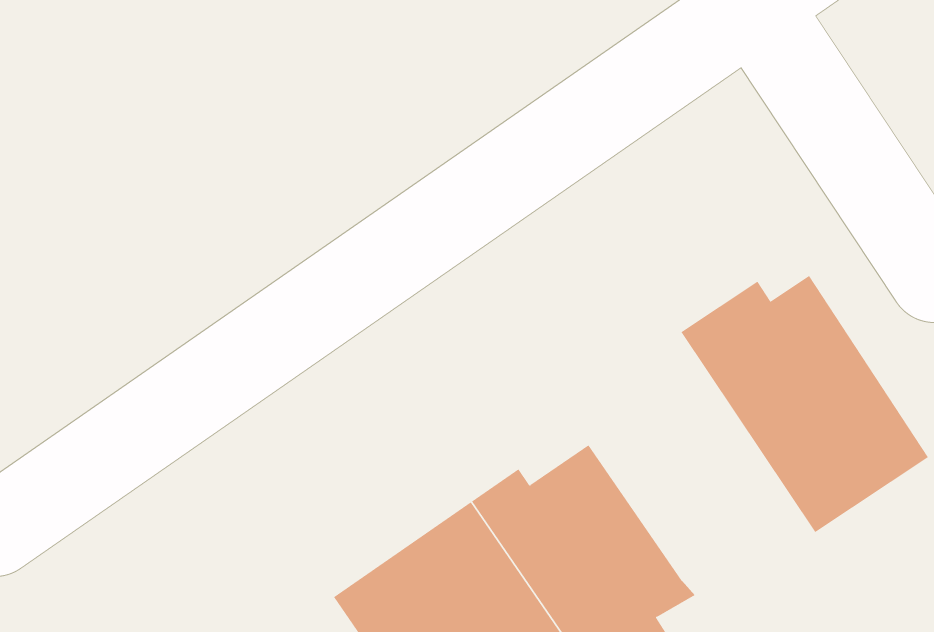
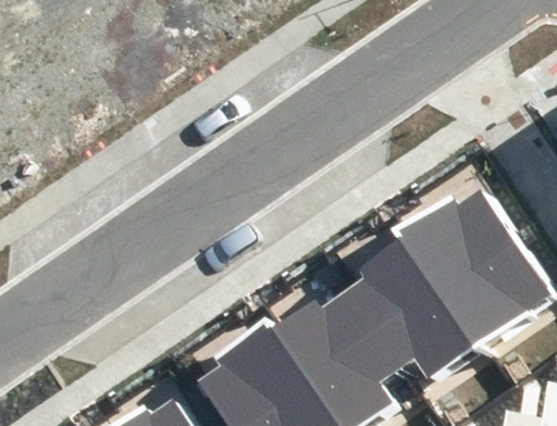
building: none -> [349,224,483,380]

